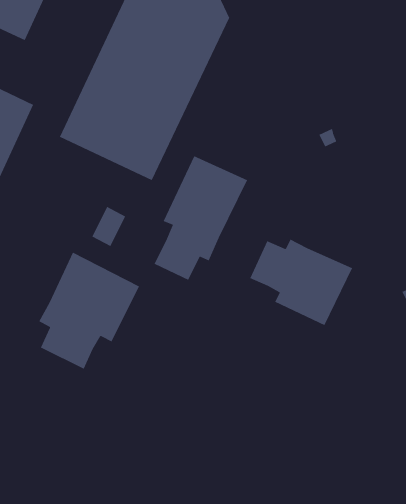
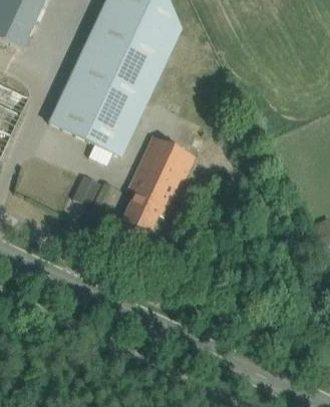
building: [249,239,353,326] -> none
building: [38,252,140,370] -> none

